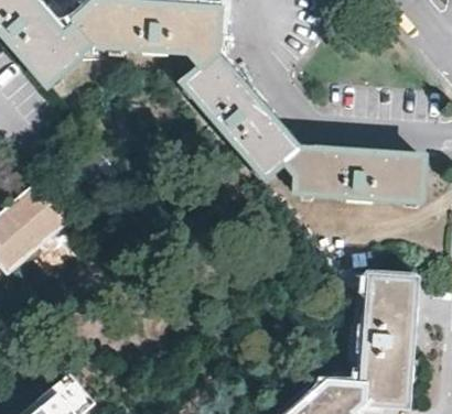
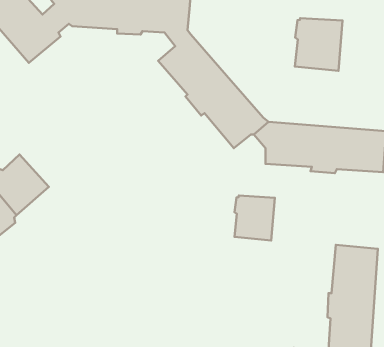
building: none -> [295,18,342,71]
building: none -> [234,196,275,241]

